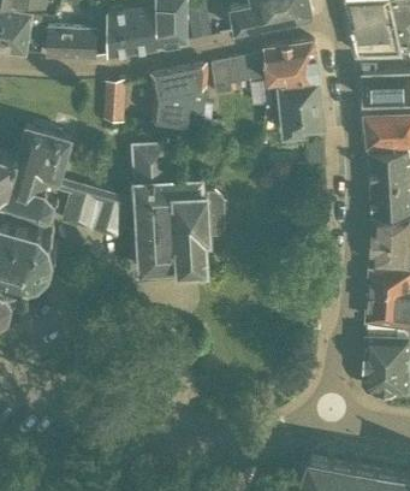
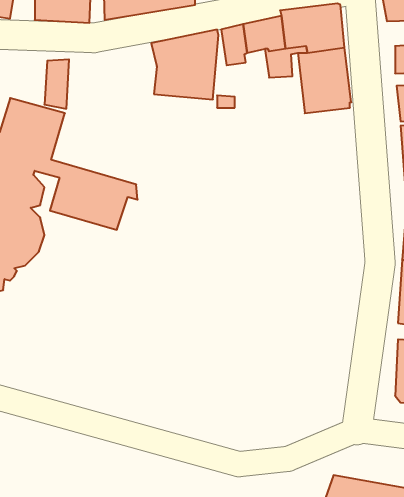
building: [103,82,125,125] -> [44,59,69,109]
building: [133,142,225,273] -> none

